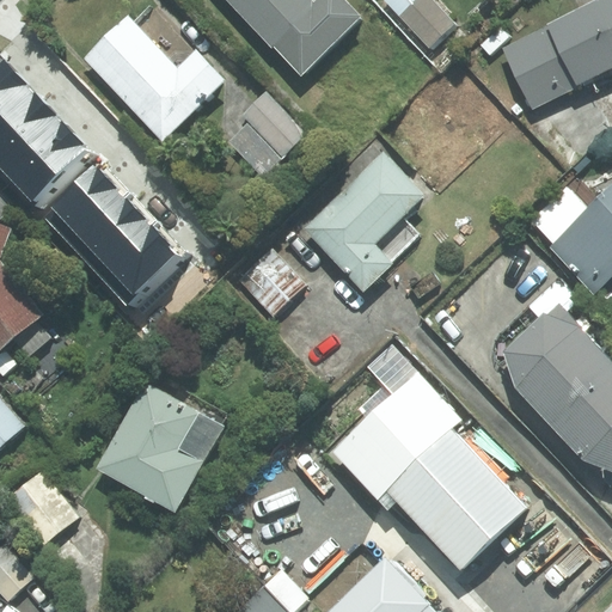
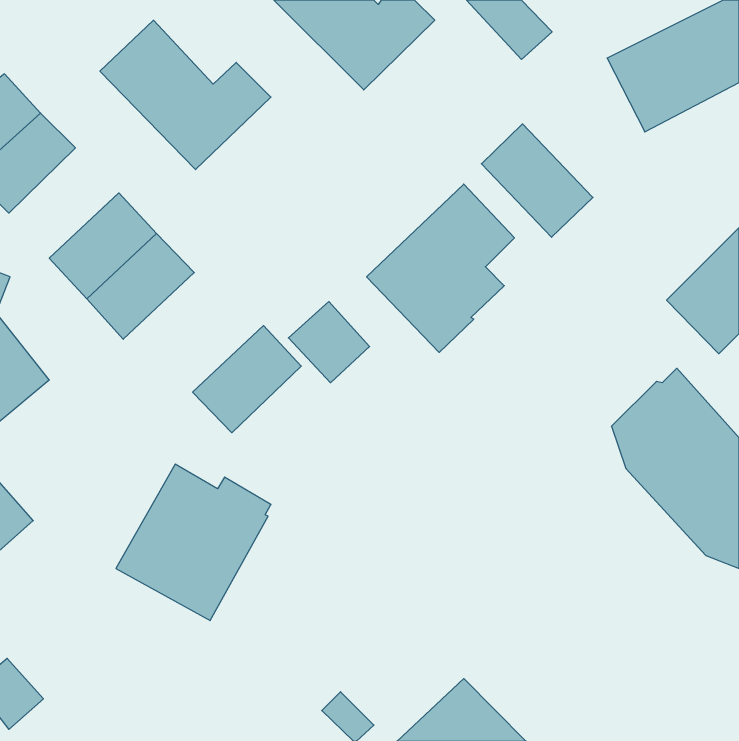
building: [228,92,307,177] -> none
building: none -> [481,124,593,237]
building: [7,122,96,209] -> none
building: [102,225,191,313] -> [193,326,301,433]
building: [332,373,524,567] -> none
building: [7,471,78,543] -> none

